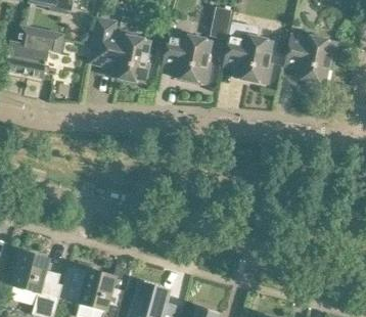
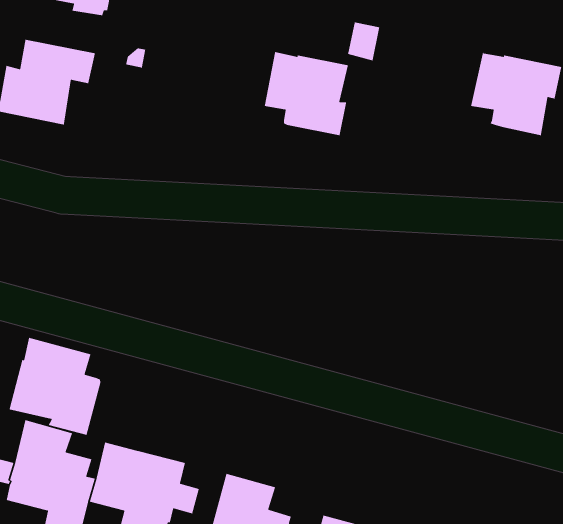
building: [89,17,151,83] -> none
building: [223,21,273,83] -> none
building: none -> [9,337,101,436]

